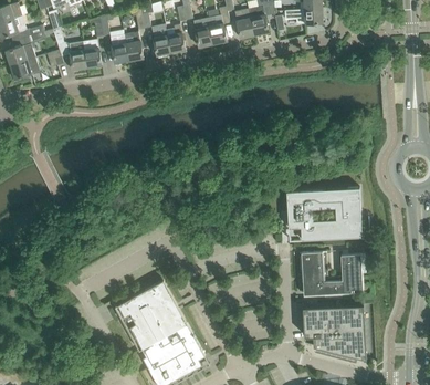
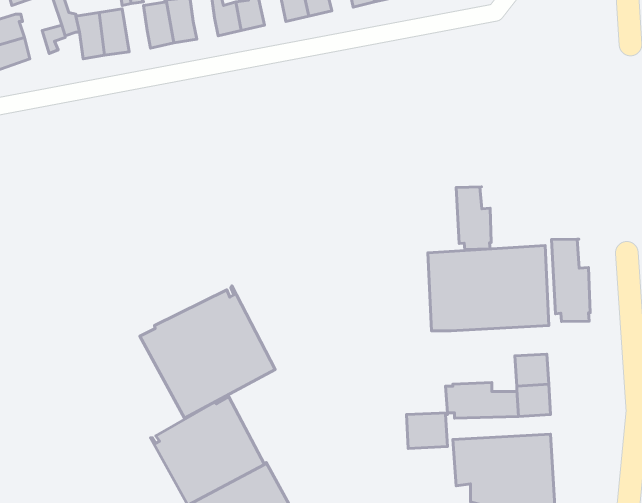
building: none -> [456,187,491,249]
building: none -> [551,239,590,321]
building: none -> [140,286,275,418]
building: [302,251,327,273] -> [407,413,447,448]

